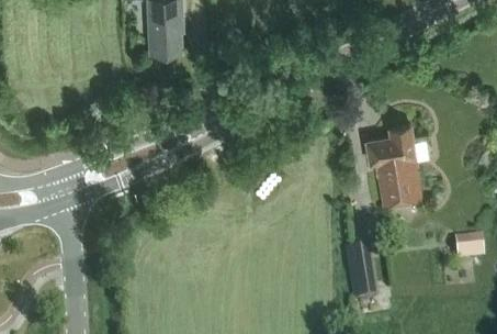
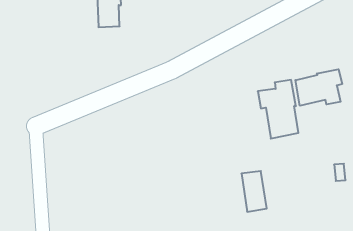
building: none -> [295,69,342,106]

